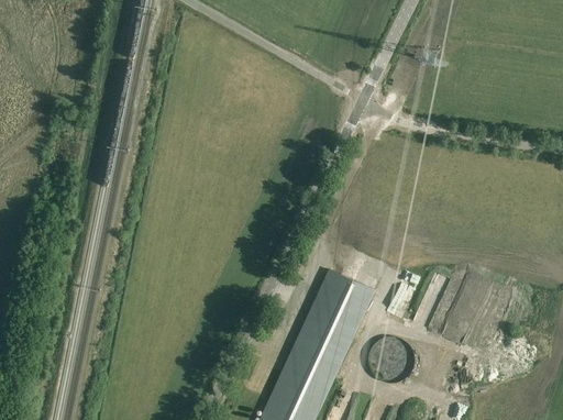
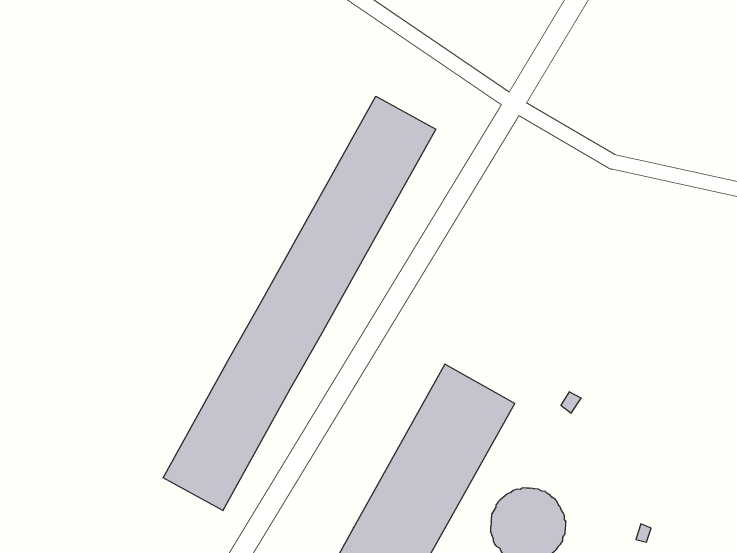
building: none -> [163,96,436,511]

